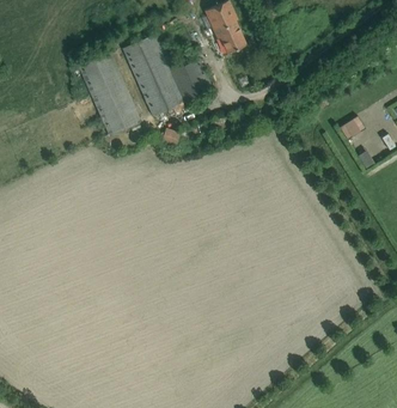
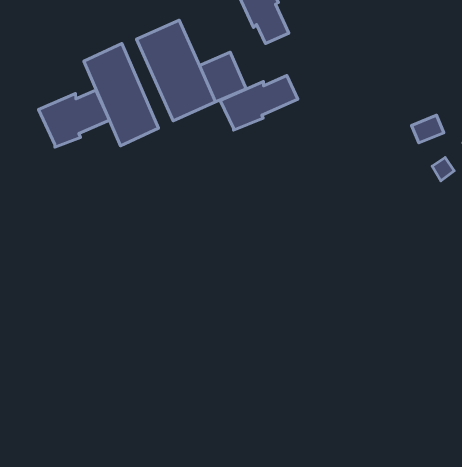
building: none -> [220,75,298,130]
building: none -> [38,90,109,147]

